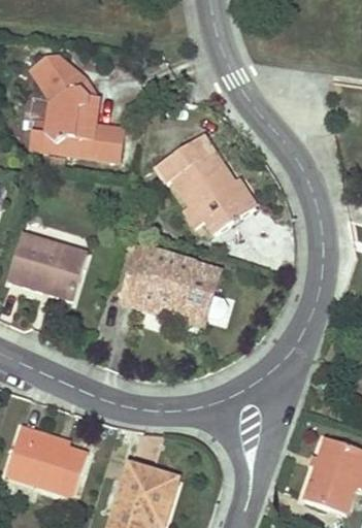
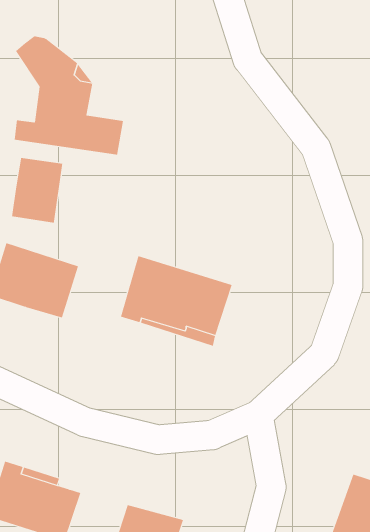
building: [157,137,257,234] -> none
building: none -> [11,157,63,223]

